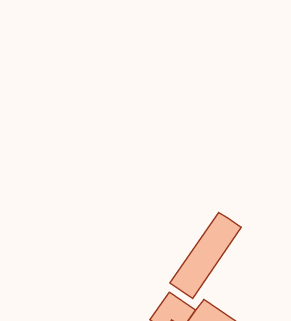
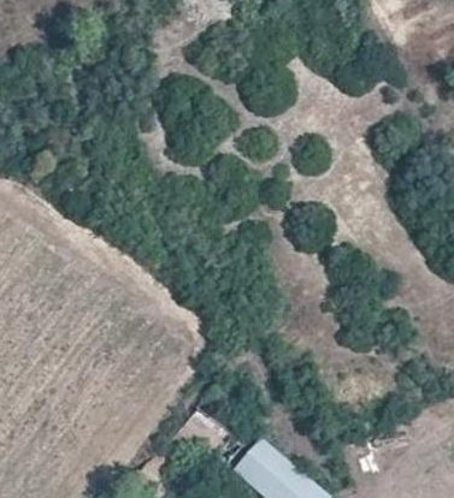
building: [170,212,241,299] -> none

